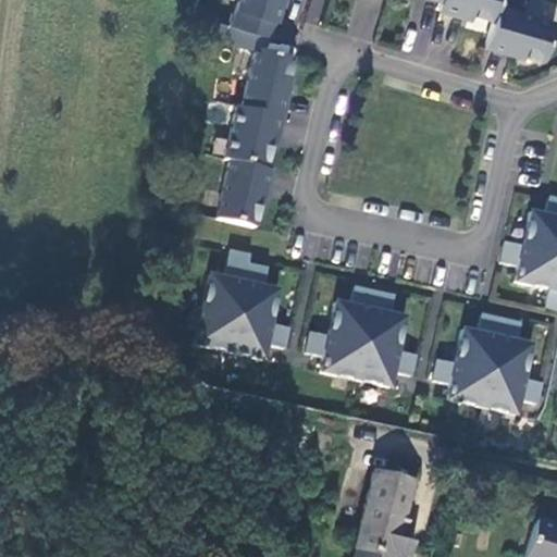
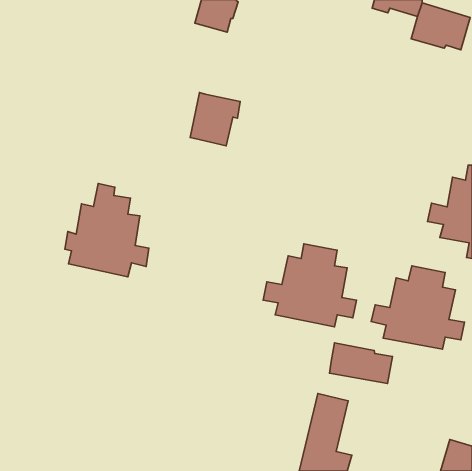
building: [242,52,293,120] -> none
building: [216,163,272,231] -> none
building: [193,251,292,361] -> [65,184,149,277]
building: none -> [329,343,393,383]

